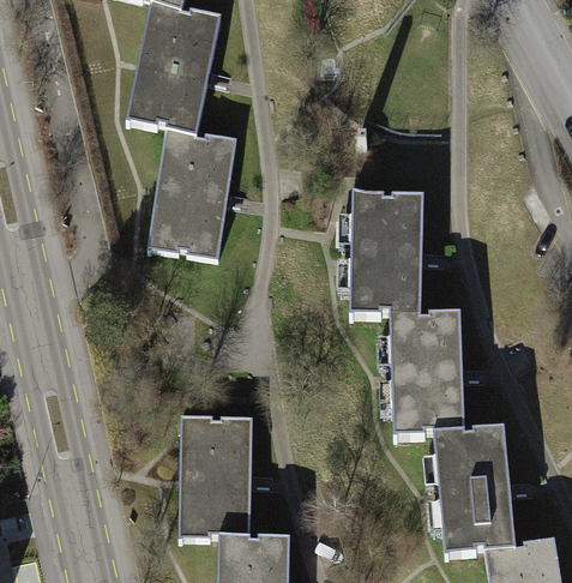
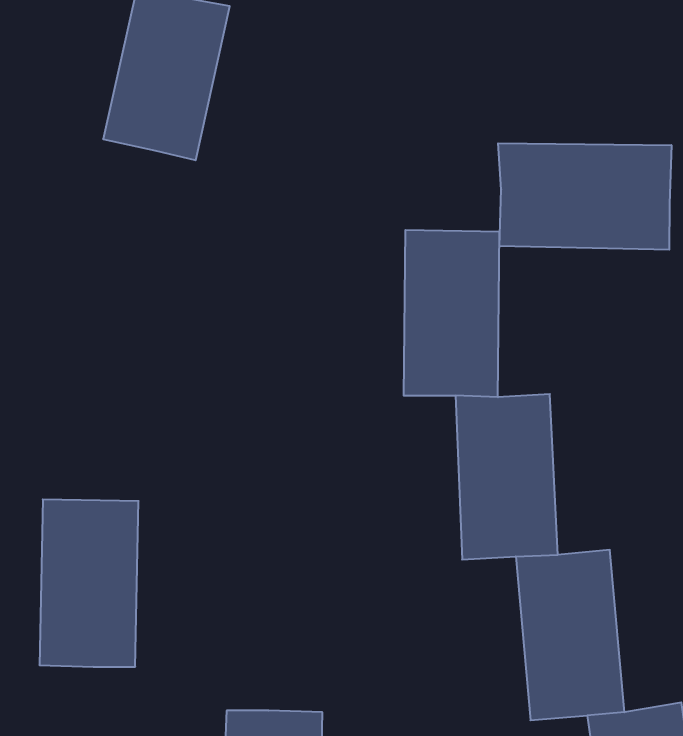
building: none -> [498,143,671,250]
building: [146,128,235,259] -> none
building: [179,419,252,542] -> [39,499,139,667]

